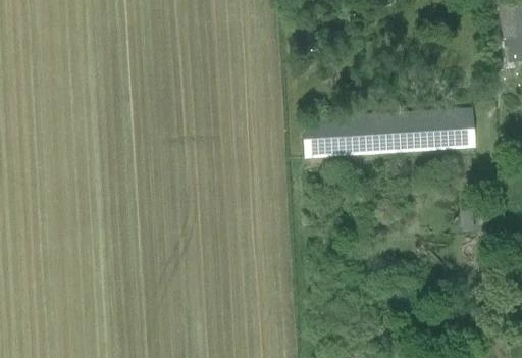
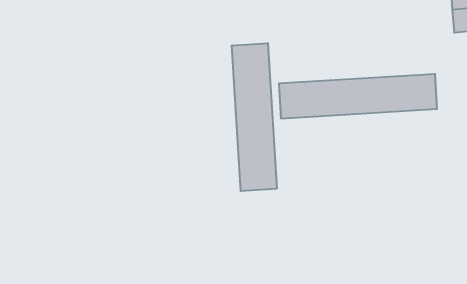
building: none -> [232,43,277,191]

